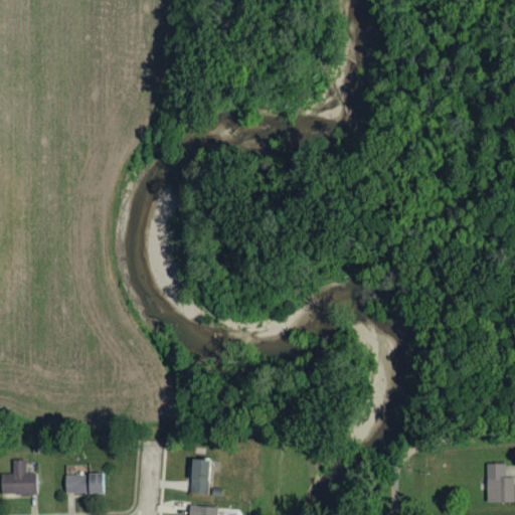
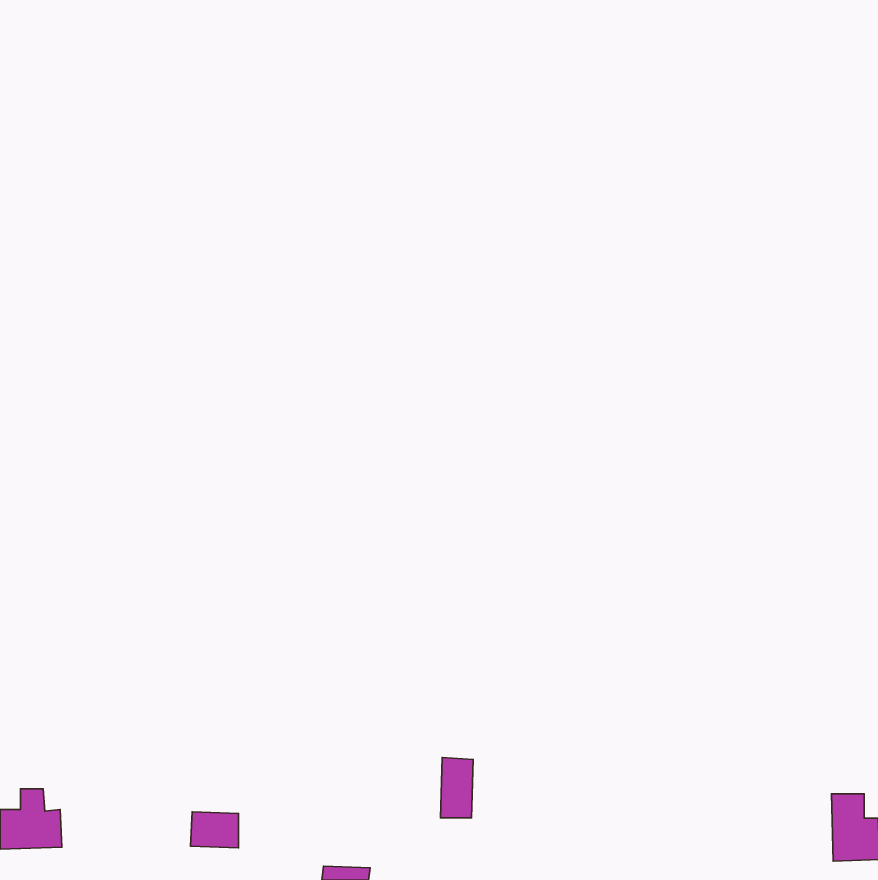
building: [191,459,210,494] -> [440,758,473,818]
building: [76,473,105,494] -> [190,812,239,848]

